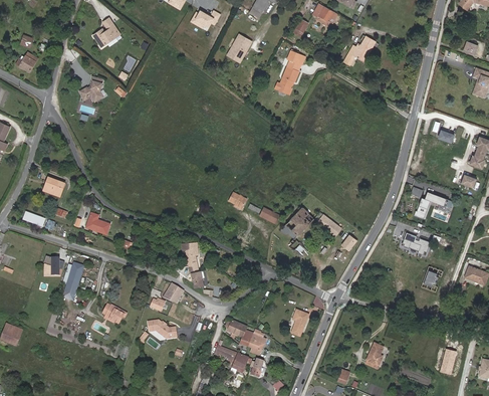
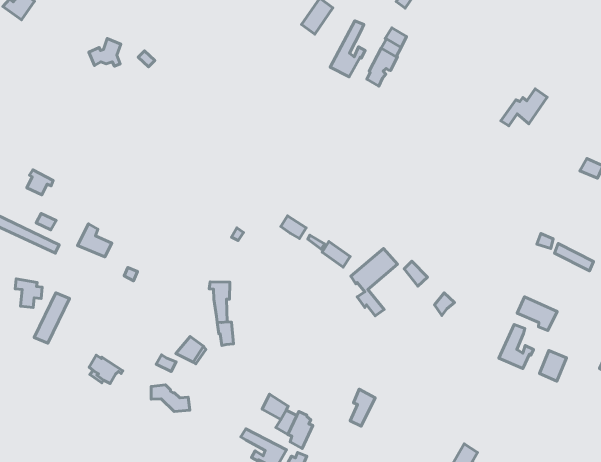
building: [343,35,375,63] -> [501,89,547,126]
building: none -> [330,21,365,77]
building: none -> [499,324,533,369]

